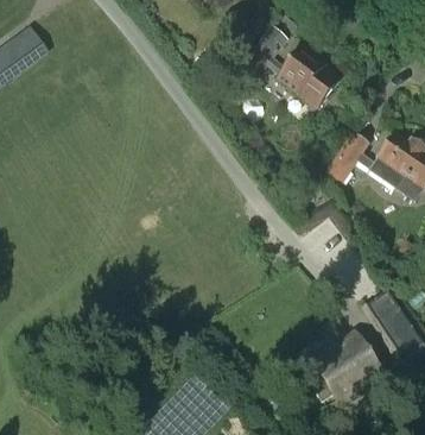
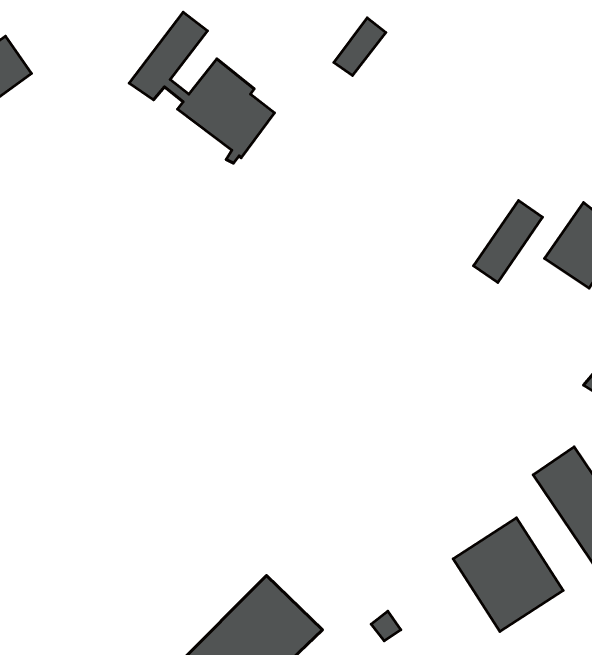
building: [246,17,338,113] -> [129,12,275,163]

